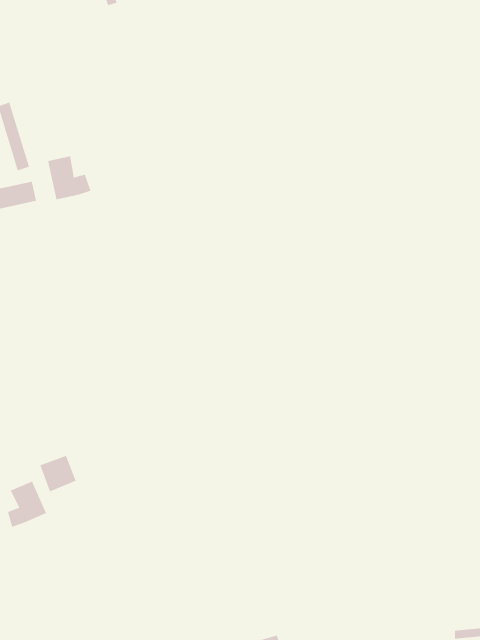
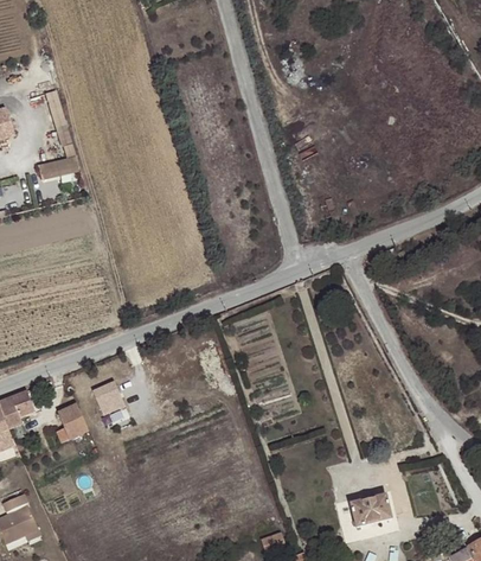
building: [47,156,91,200] -> none
building: none -> [349,496,391,527]

